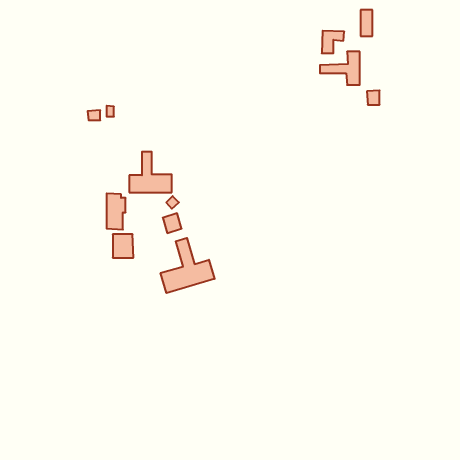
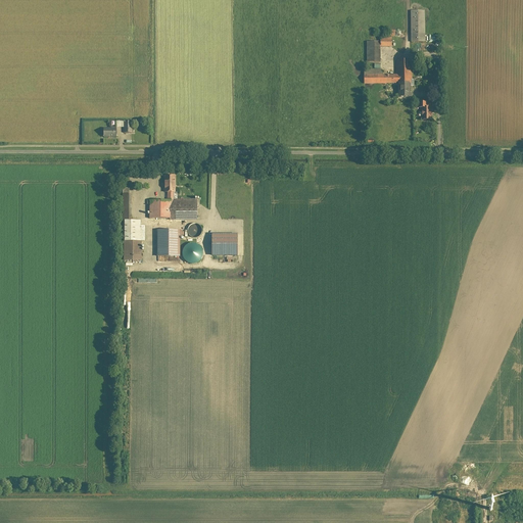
building: none -> [213,233,240,256]
building: [113,234,133,258] -> [156,229,180,255]
building: [161,238,215,293] -> none

